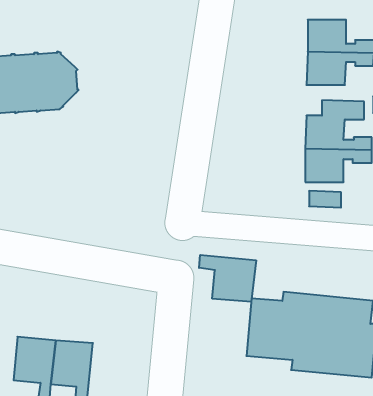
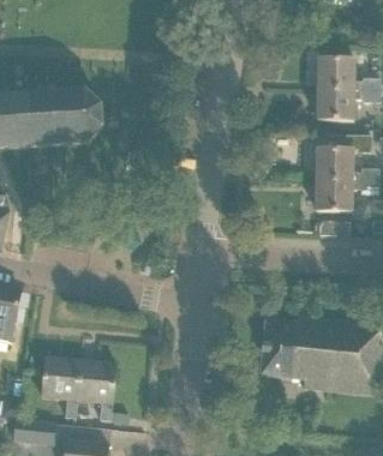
building: [199,255,256,302] -> none

